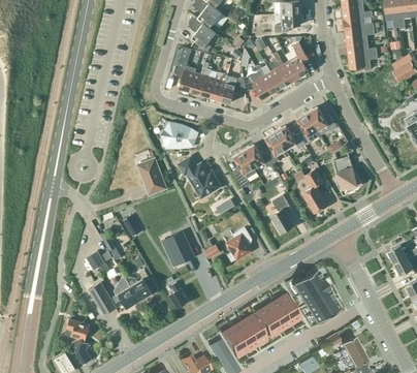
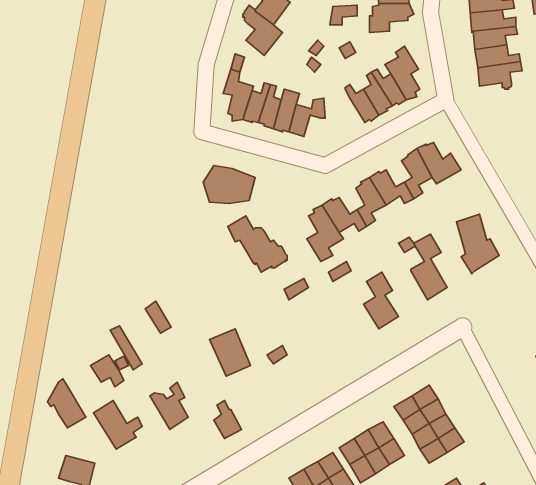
building: [245,70,272,98] -> none
building: [138,157,167,194] -> none
building: [227,226,253,260] -> none
building: [115,275,140,308] -> [48,379,86,428]

